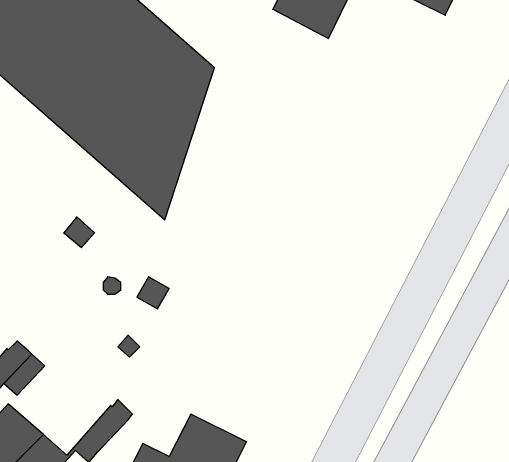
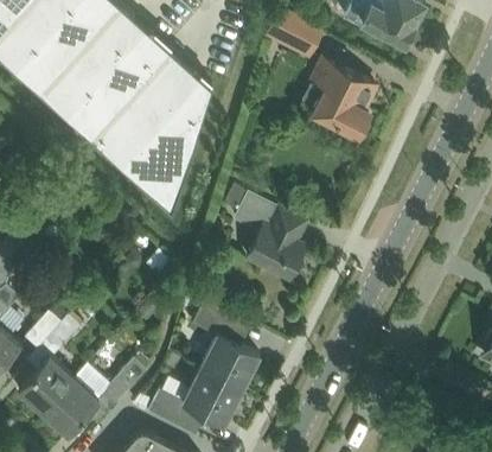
building: none -> [300,64,373,136]
building: none -> [231,193,307,282]
building: none -> [191,305,258,391]

